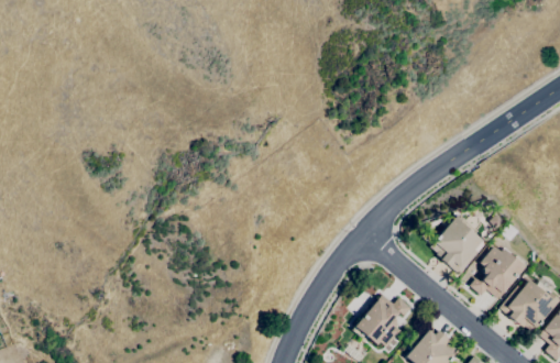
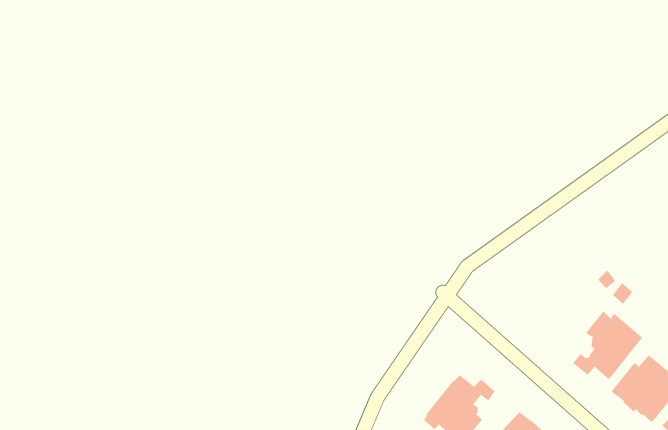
building: [431,214,483,274] -> none

